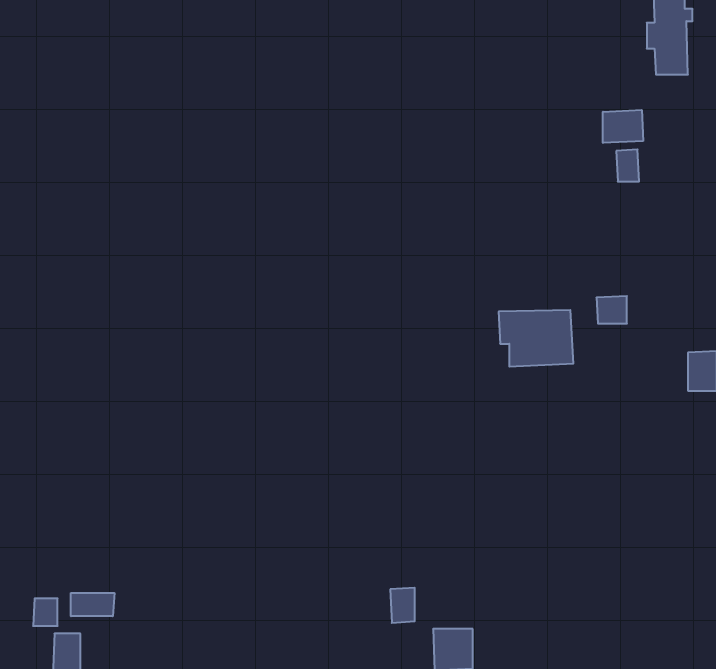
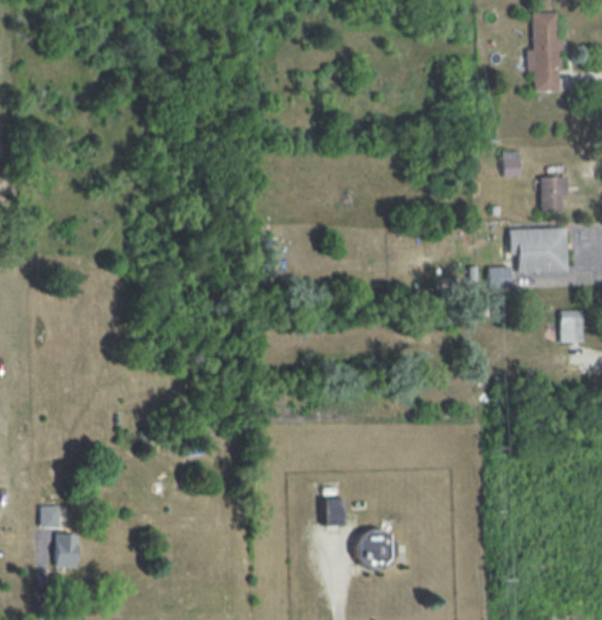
building: [603,110,643,143] -> none
building: none -> [540,176,568,211]
building: [499,310,573,367] -> [509,228,568,272]
building: [71,593,114,616] -> none

